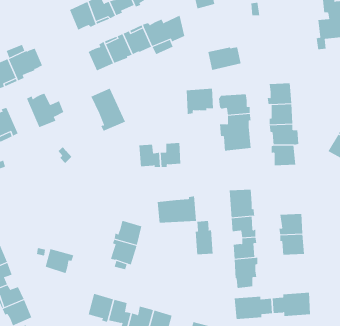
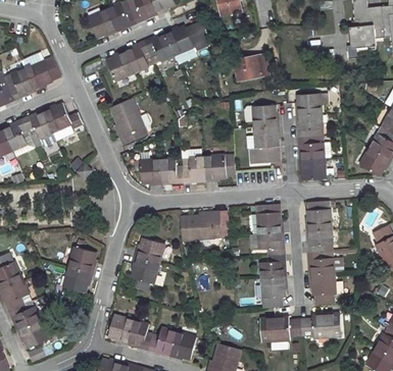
building: [186,88,214,115] -> [204,154,234,181]
building: none -> [22,110,56,147]
building: none -> [140,159,162,184]
building: none -> [306,201,332,231]
building: [195,220,213,255] -> none
building: none -> [67,247,96,274]
building: none -> [309,273,336,305]

